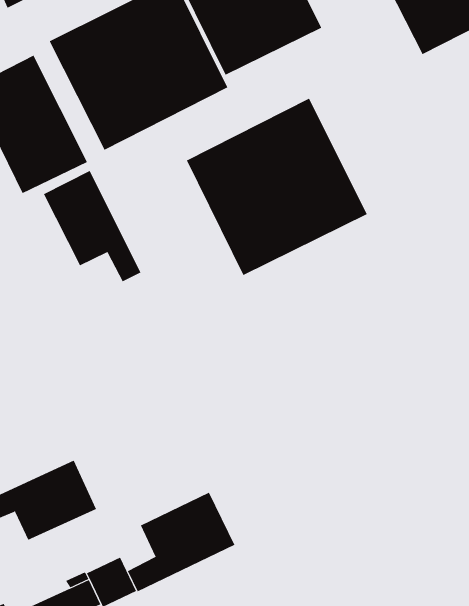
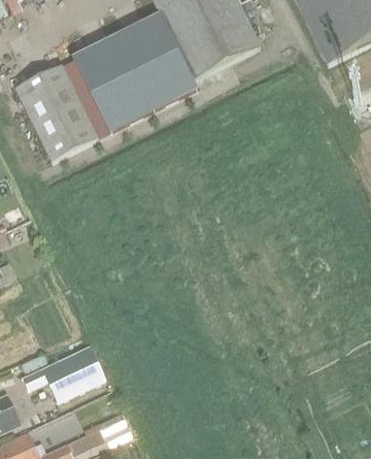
building: [186,98,367,276] -> none
building: [43,170,141,282] -> none
building: [127,492,235,592] -> none

